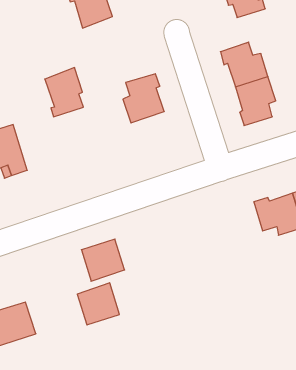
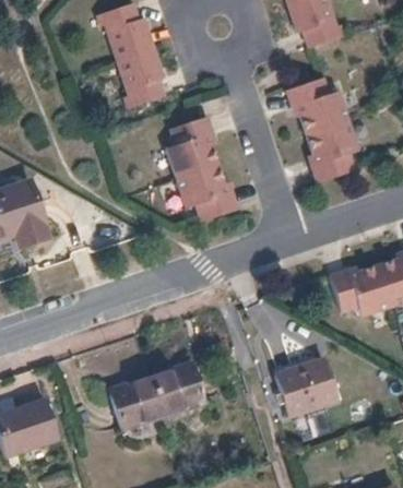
building: [45,68,83,117] -> [117,46,165,107]
building: none -> [177,164,238,222]
building: [81,239,125,281] -> [151,364,204,416]
building: none -> [276,359,337,416]

